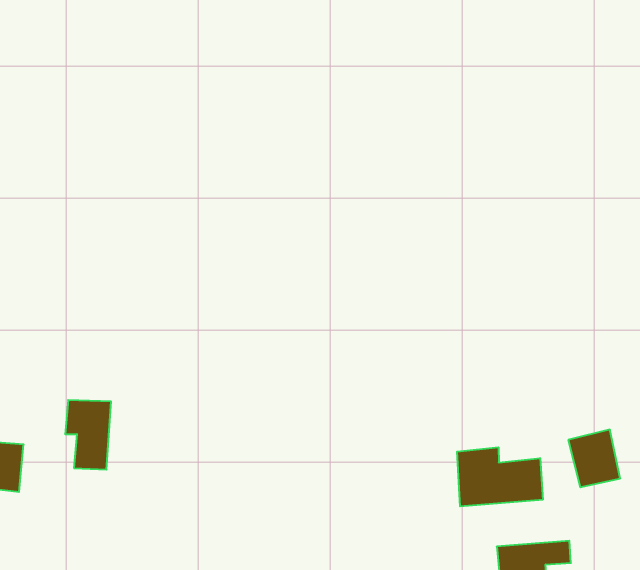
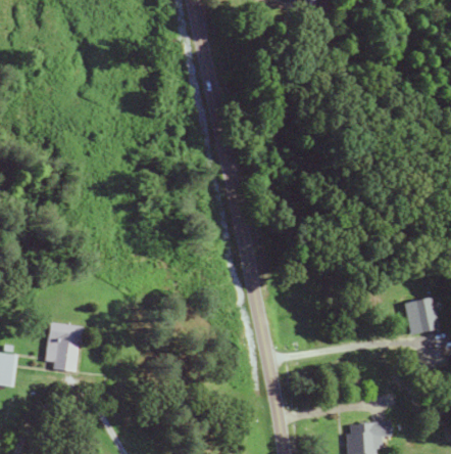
building: [568,430,620,487] -> [402,294,438,334]
building: [457,447,543,506] -> none

